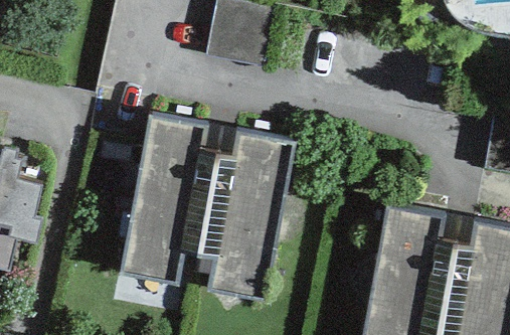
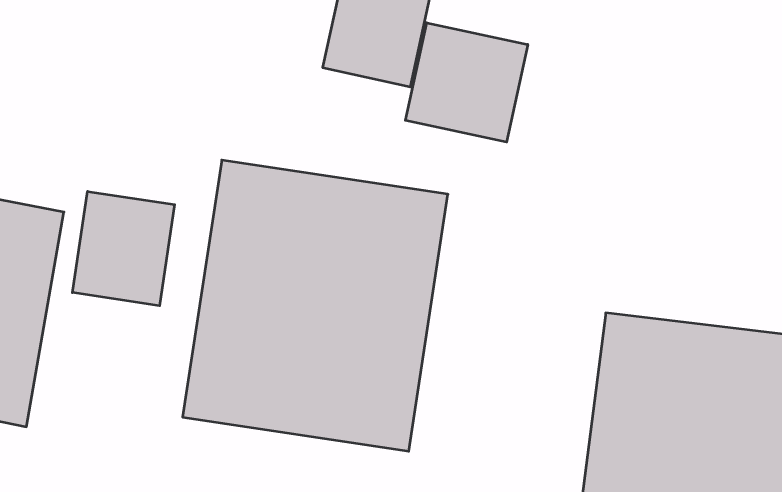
building: none -> [405,23,528,142]
building: none -> [72,191,175,306]

